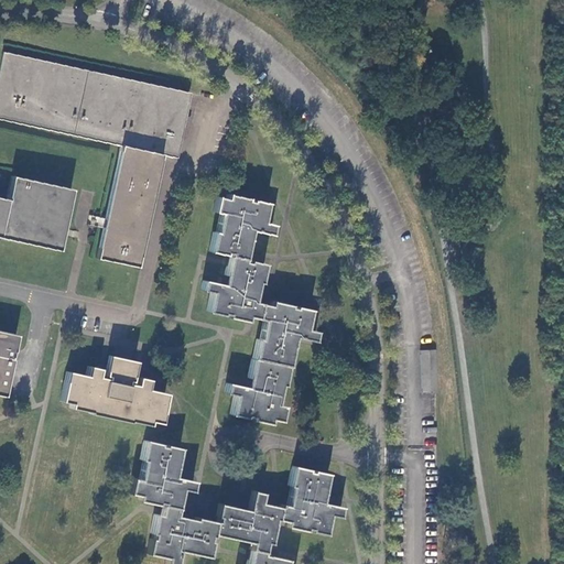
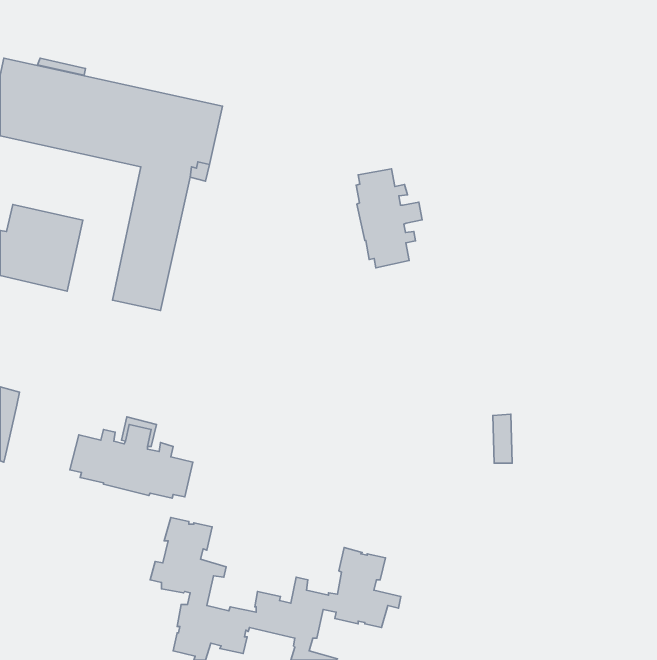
building: none -> [356,169,422,268]
building: [205,191,319,425] -> none

